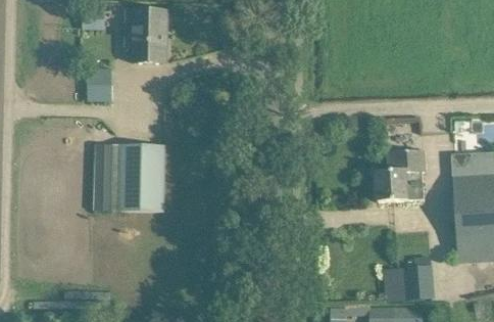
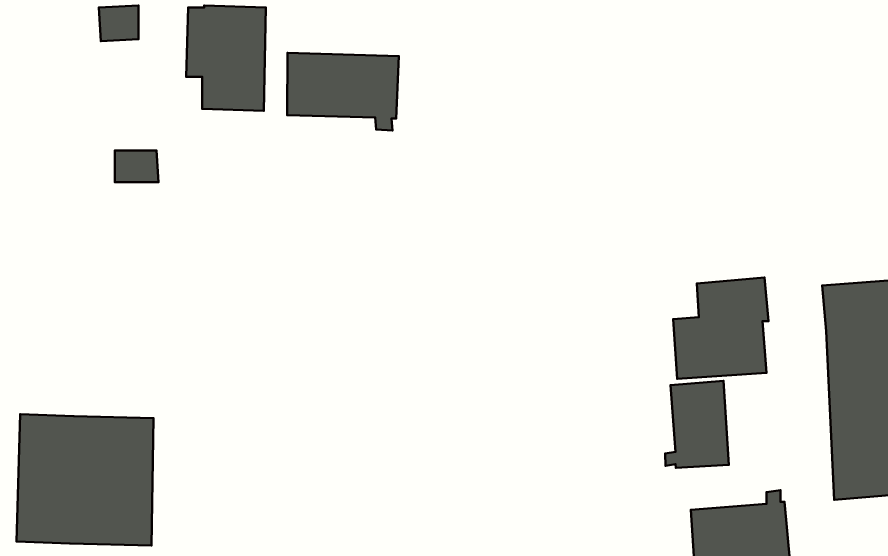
building: none -> [287,53,399,131]
building: [93,144,163,212] -> [16,414,153,545]
building: none -> [665,381,729,468]

